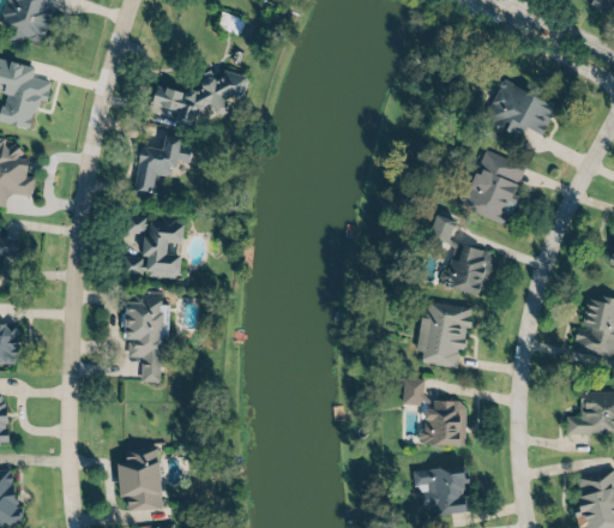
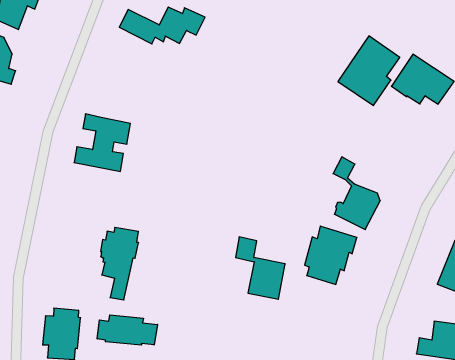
building: [132,137,193,200] -> none
building: [458,149,526,230] -> [338,36,400,106]
building: [122,298,165,382] -> [101,227,139,300]
building: [405,377,465,443] -> [236,237,285,299]
building: none -> [97,315,157,345]

